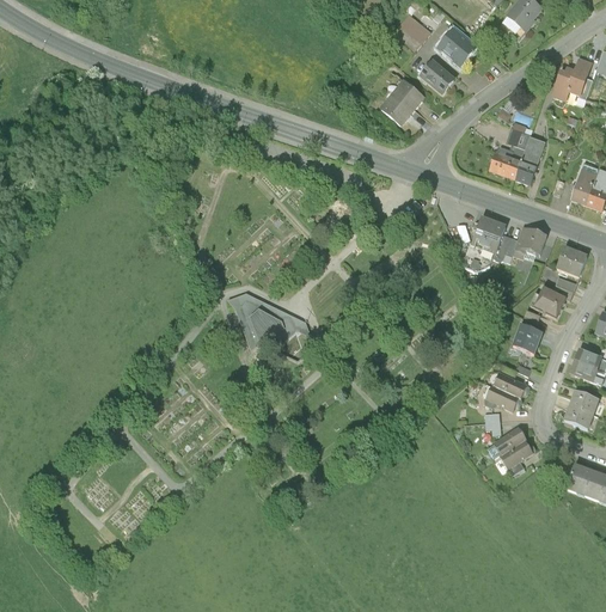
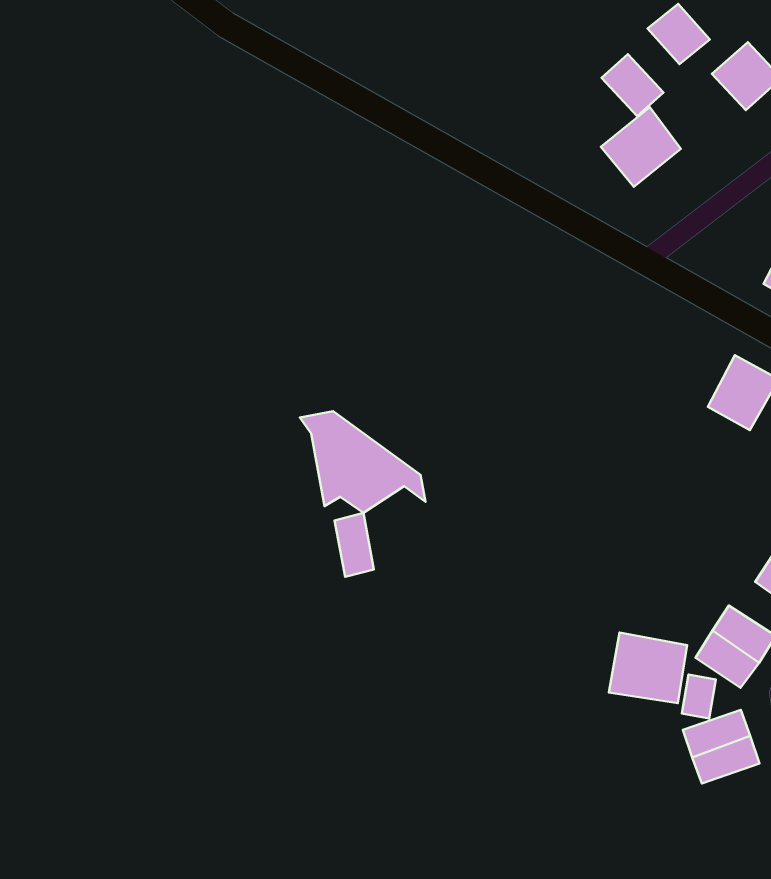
building: [417,60,455,96] -> [602,54,663,116]
building: none -> [335,513,374,577]
building: none -> [609,633,687,703]

